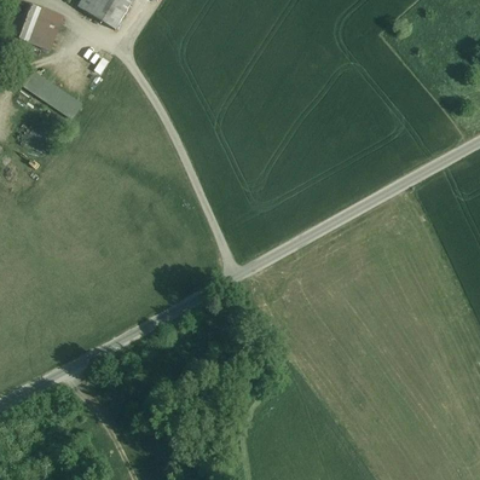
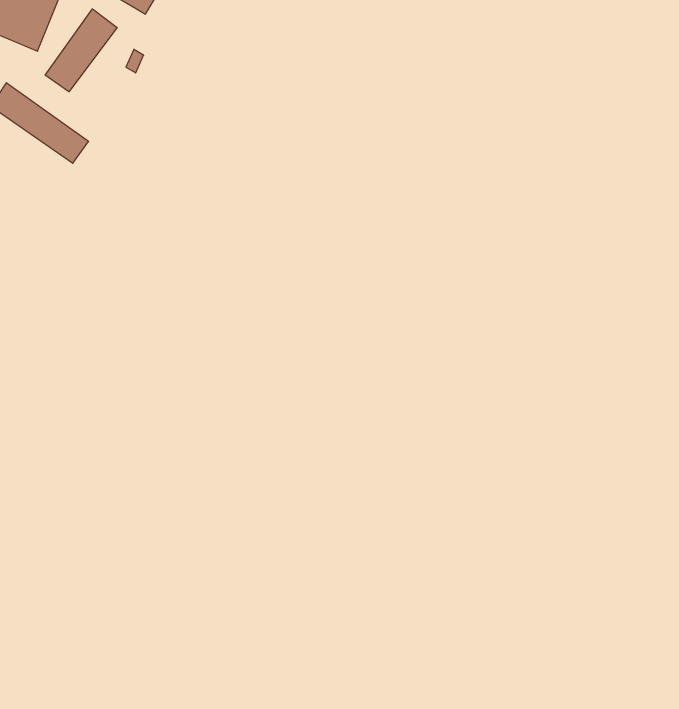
building: none -> [45,9,117,92]

